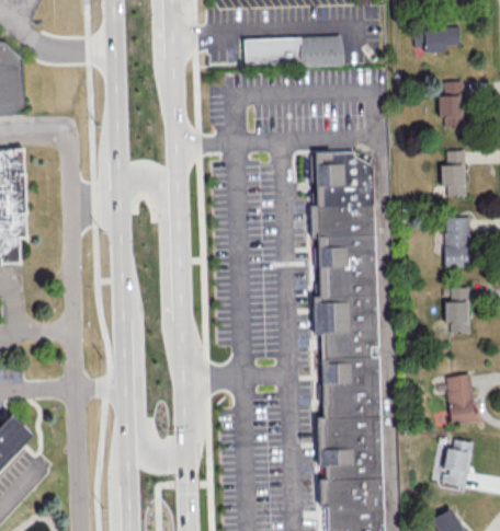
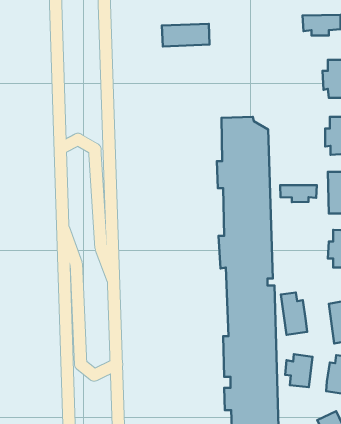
building: [299,37,341,67] -> none
building: none -> [280,185,317,202]
building: none -> [281,292,307,335]
building: none -> [285,354,312,387]

